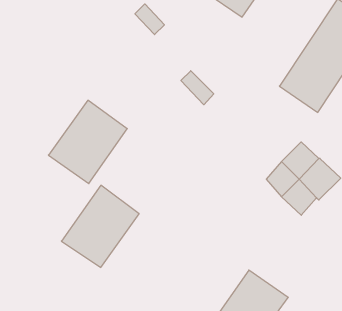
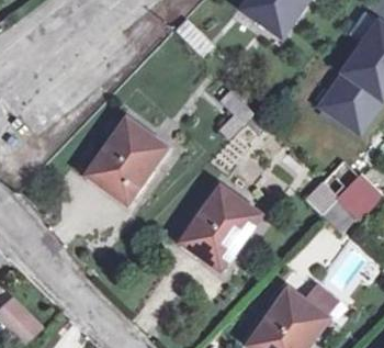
building: [61,185,139,267] -> [181,186,259,268]

